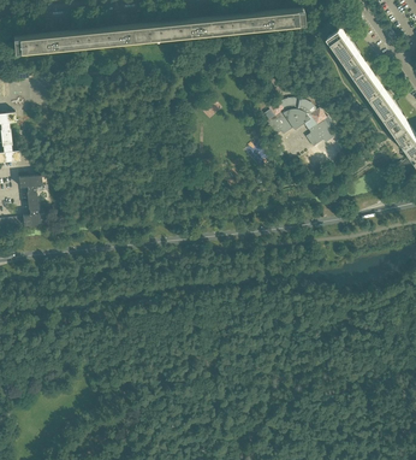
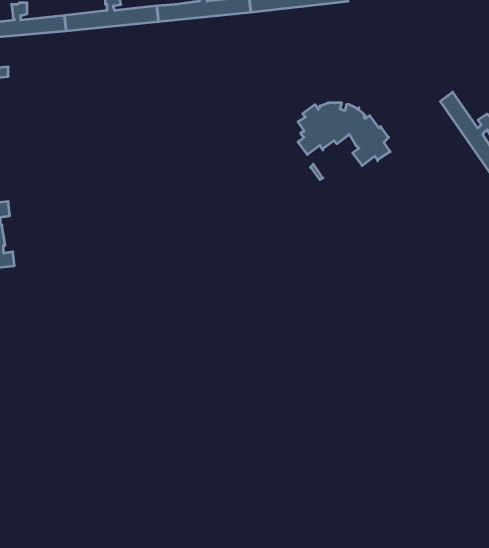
building: [328,31,381,99] -> none

